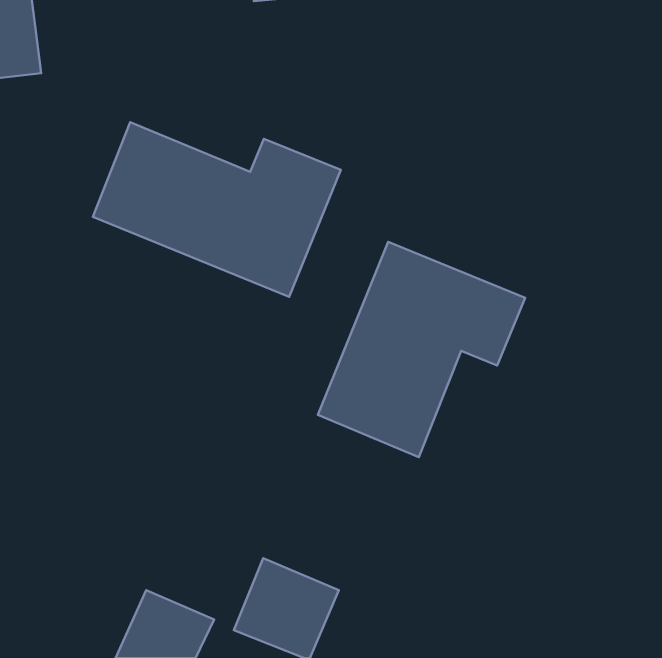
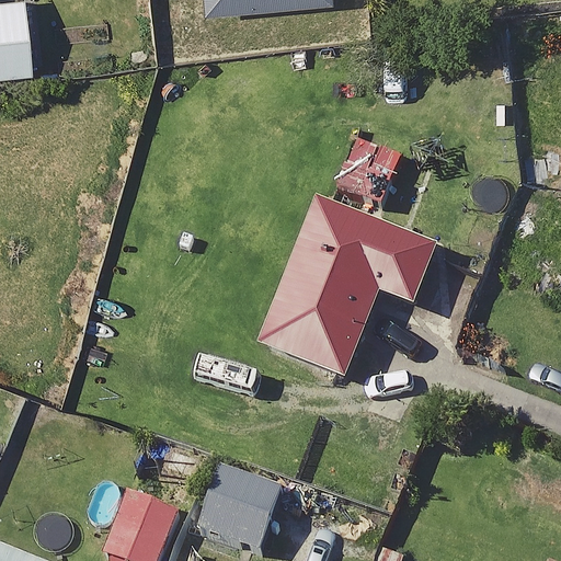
building: [93,122,341,297] -> none

